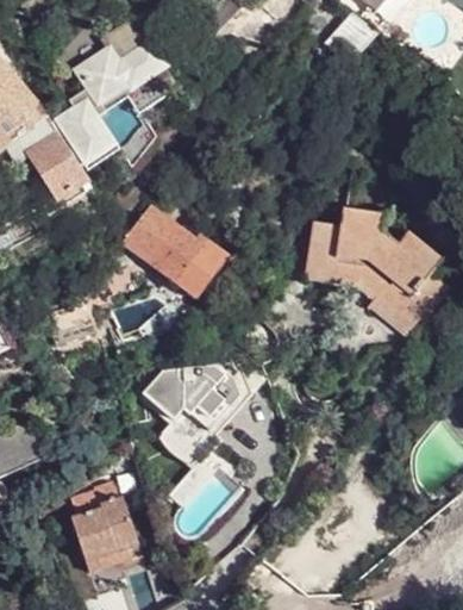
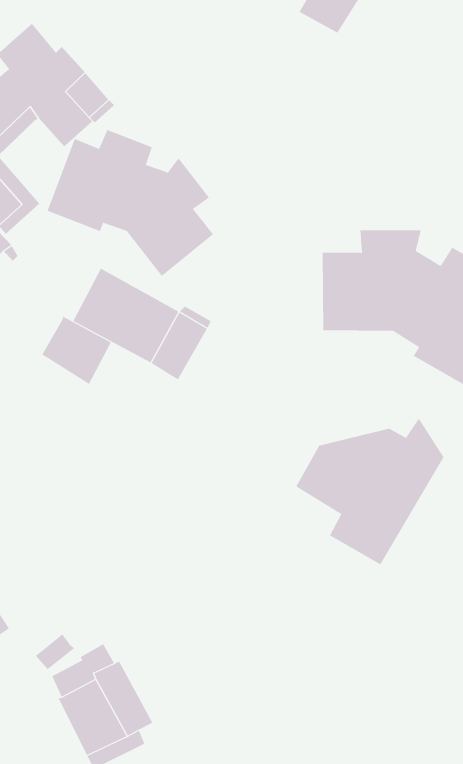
building: none -> [47,129,214,277]
building: none -> [41,316,111,385]
building: [138,357,250,461] -> [295,417,445,565]

